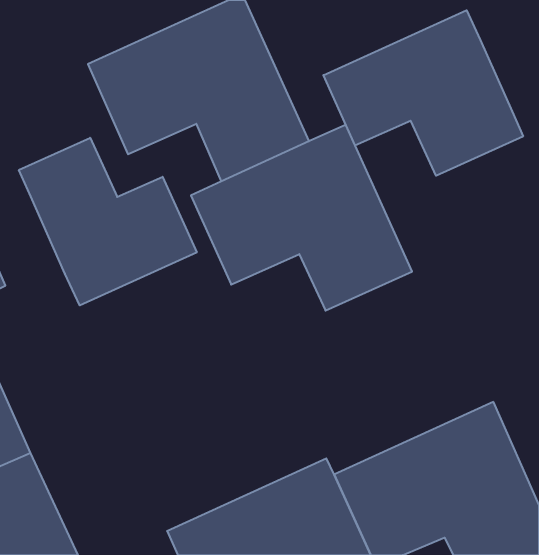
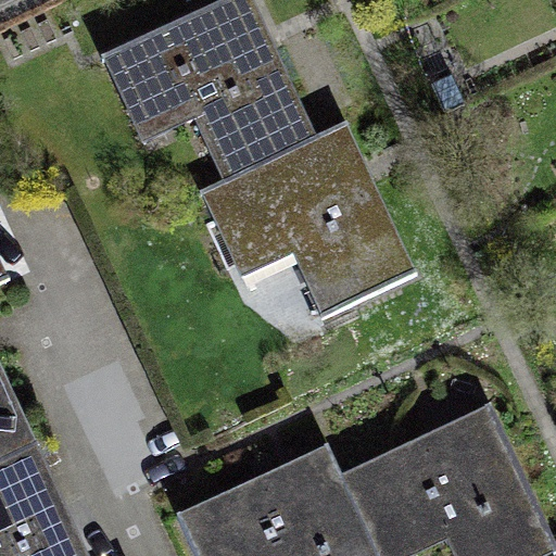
building: [323,10,523,176] -> none
building: [19,138,197,305] -> none

